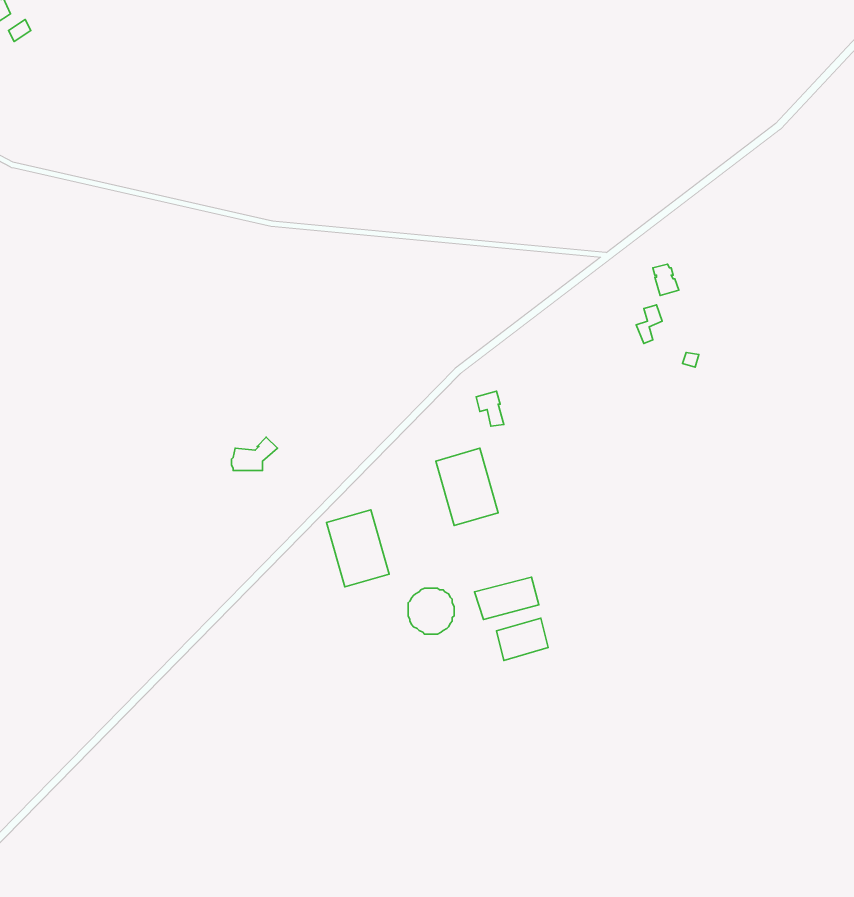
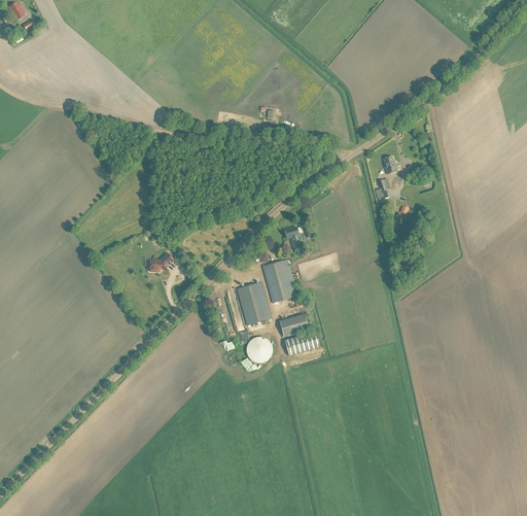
building: [327,510,389,587] -> [236,281,271,324]
building: [497,618,548,660] -> [279,313,308,337]

